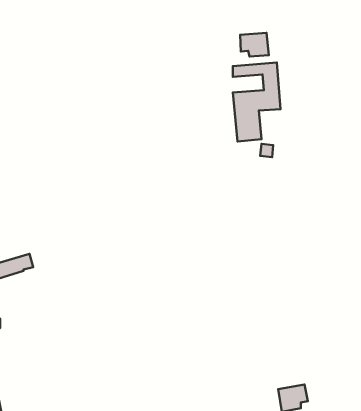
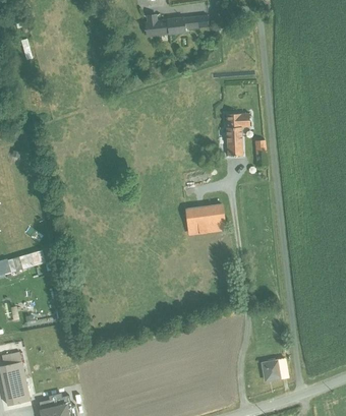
building: [240,33,269,56] -> none
building: none -> [173,203,228,233]

